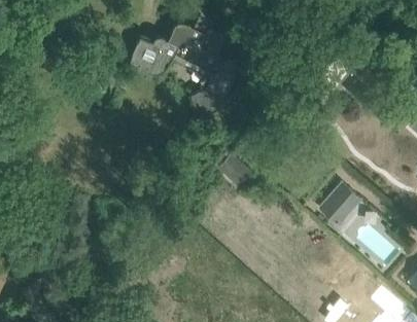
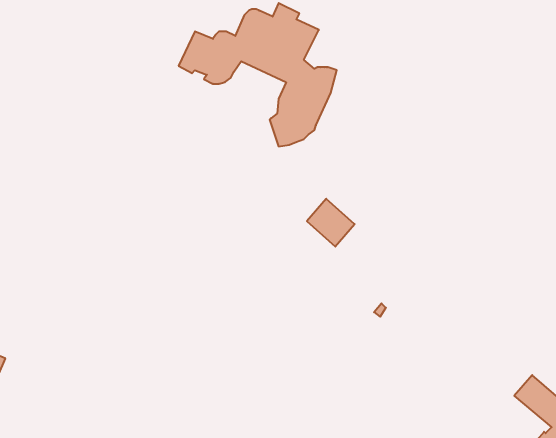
building: [321,184,362,220] -> none

